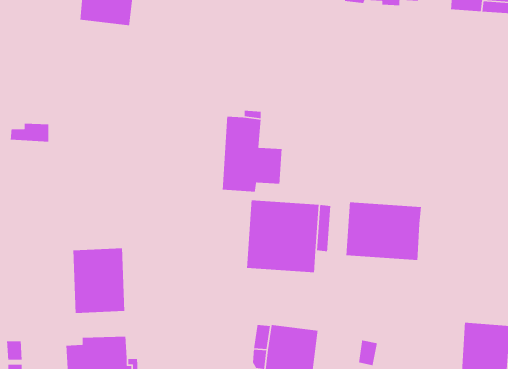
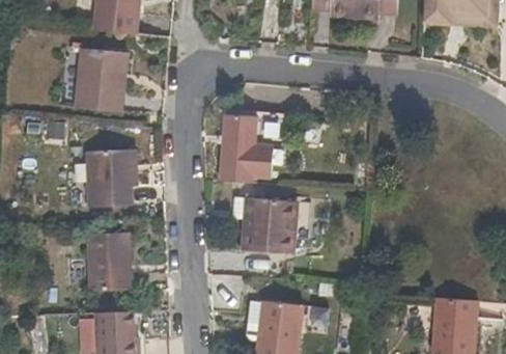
building: none -> [73,48,130,113]
building: none -> [87,151,138,206]
building: [345,202,422,261] -> none

